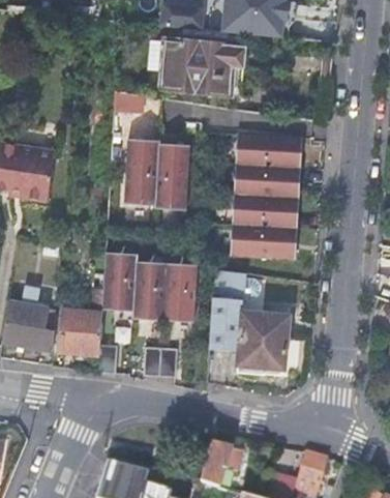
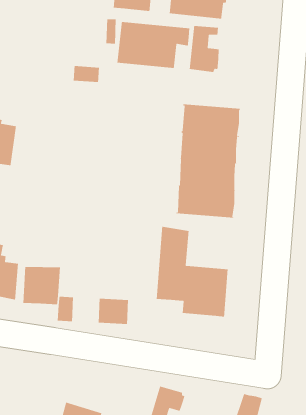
building: none -> [189,25,219,73]
building: [123,139,189,210] -> none
building: [102,252,198,321] -> none

